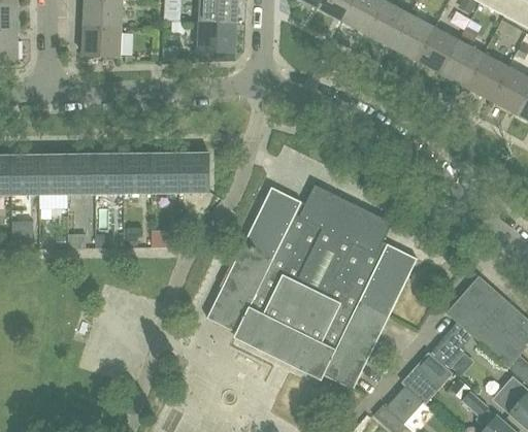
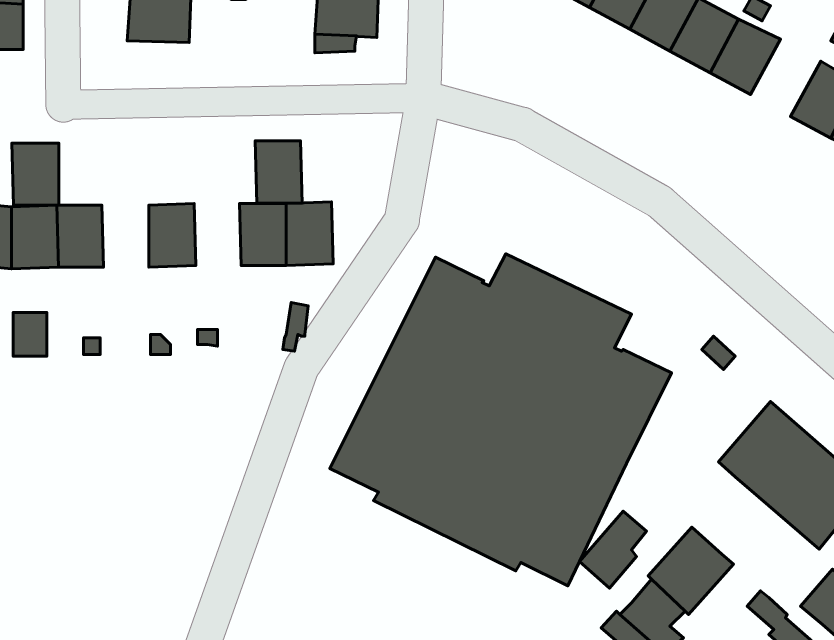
building: [465,53,508,100] -> none
building: [123,154,152,192] -> [255,141,302,203]
building: [66,155,95,193] -> [12,143,59,205]
building: [429,322,470,369] -> [579,511,646,588]

